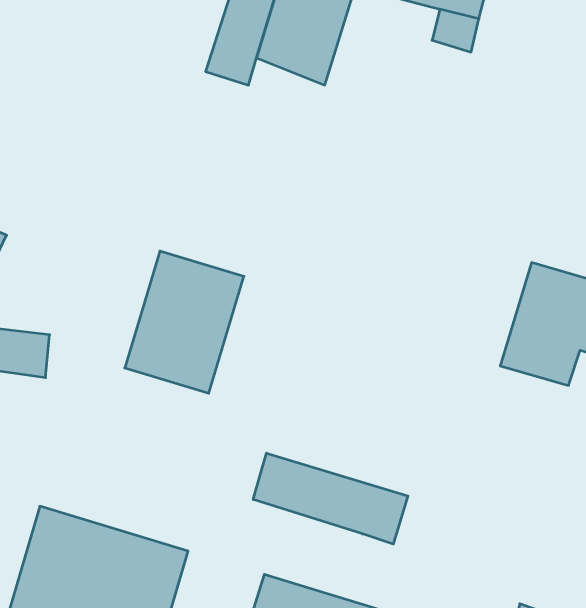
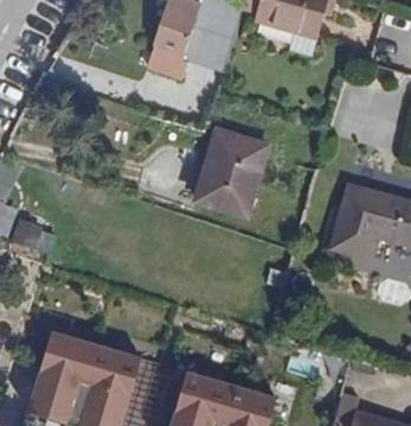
building: [125,251,244,393] -> [194,128,266,215]
building: [253,453,408,544] -> none

